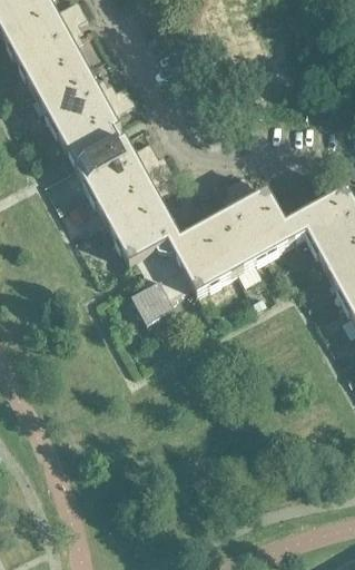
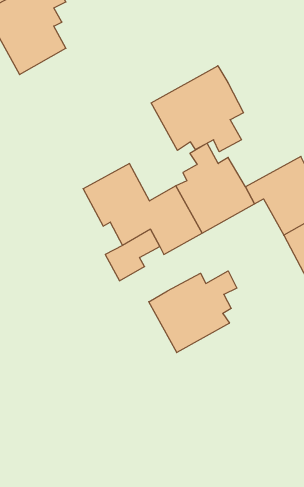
building: [36,66,172,220] -> none
building: none -> [151,66,243,152]
building: none -> [149,271,237,353]

